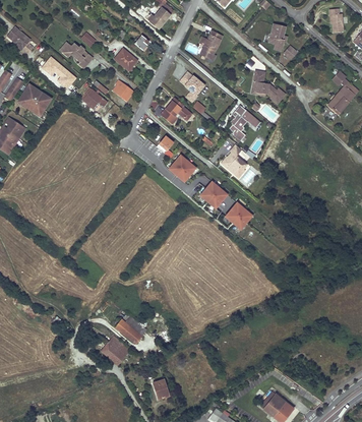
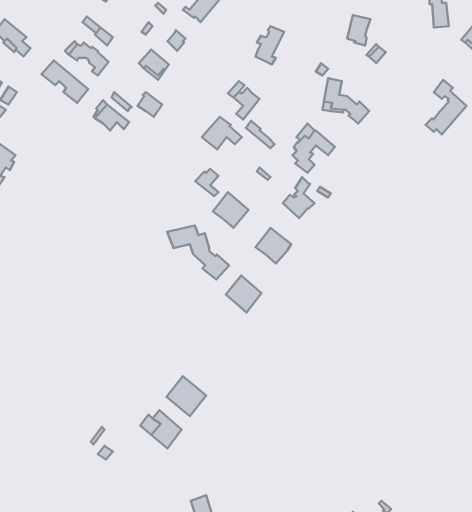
building: [18,85,49,115] -> none
building: none -> [167,225,229,280]
building: [226,201,252,229] -> [226,275,262,312]
building: [101,336,130,365] -> [167,376,206,416]

